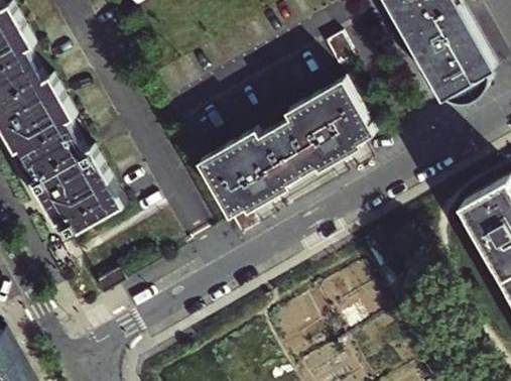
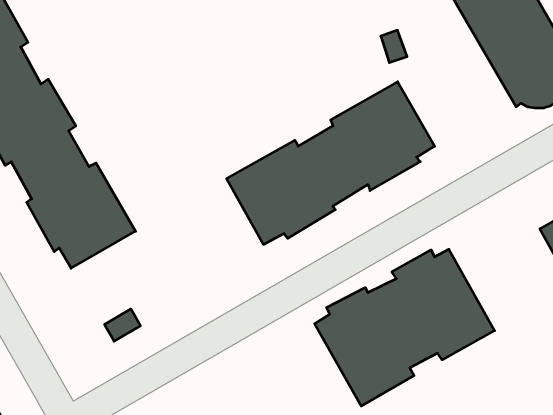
building: none -> [315,249,495,406]

